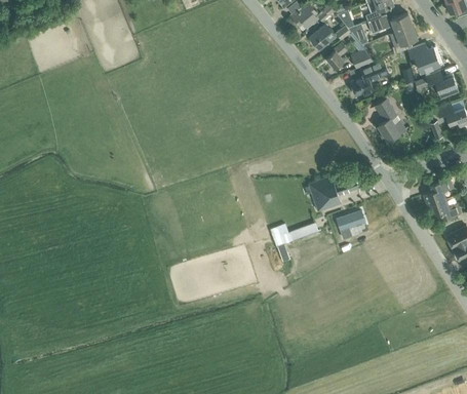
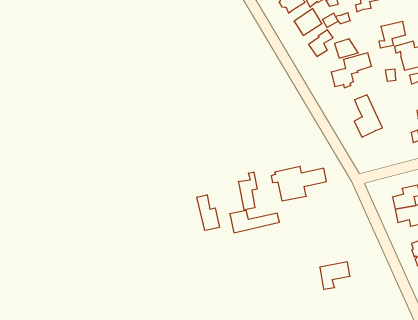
building: [367,13,413,34] -> none
building: none -> [238,172,257,210]
building: [336,210,365,239] -> [320,262,350,289]
building: none -> [197,195,219,230]

